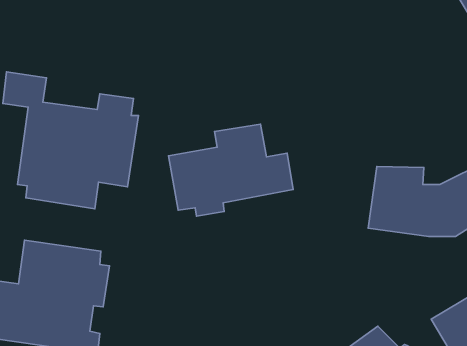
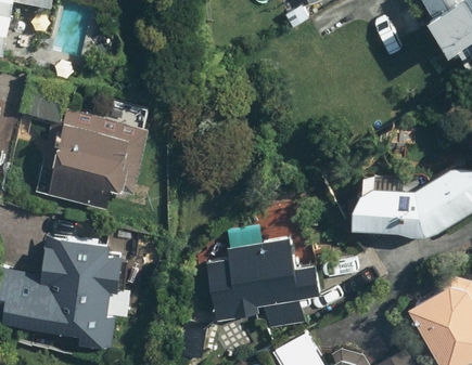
building: [169,124,293,216] -> [207,238,319,321]

